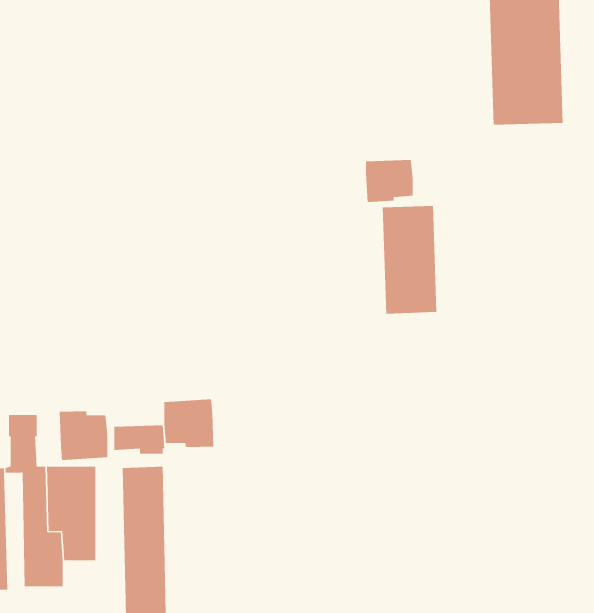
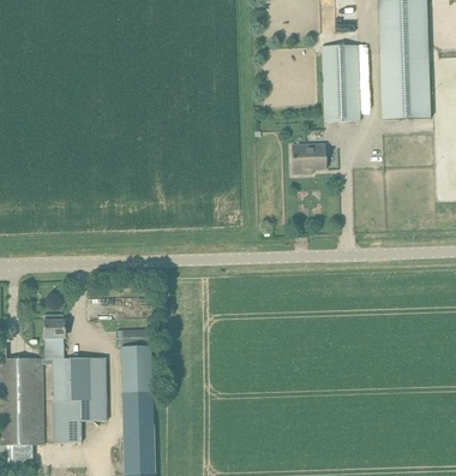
building: [382,206,437,314] -> [322,44,360,120]
building: [164,399,214,448] -> none
building: [59,410,108,461] -> none

